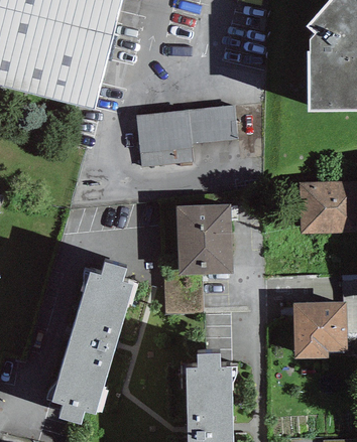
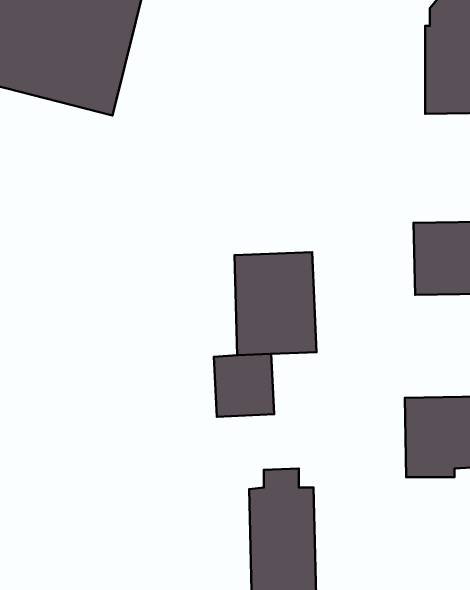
building: [146,113,246,170] -> none
building: [52,258,134,421] -> none

